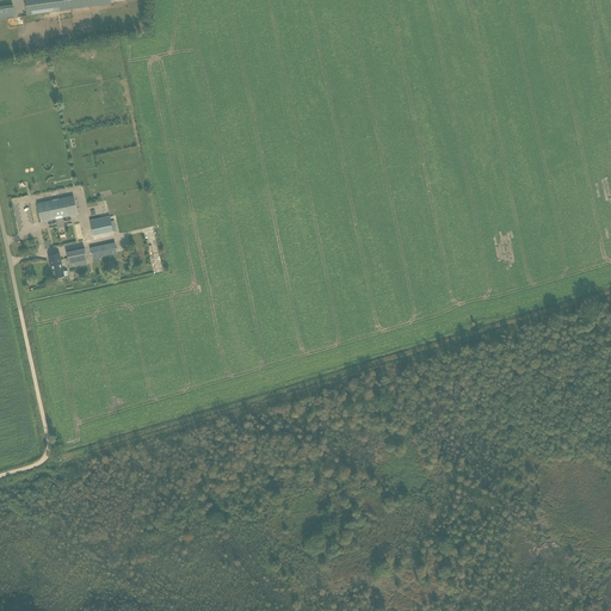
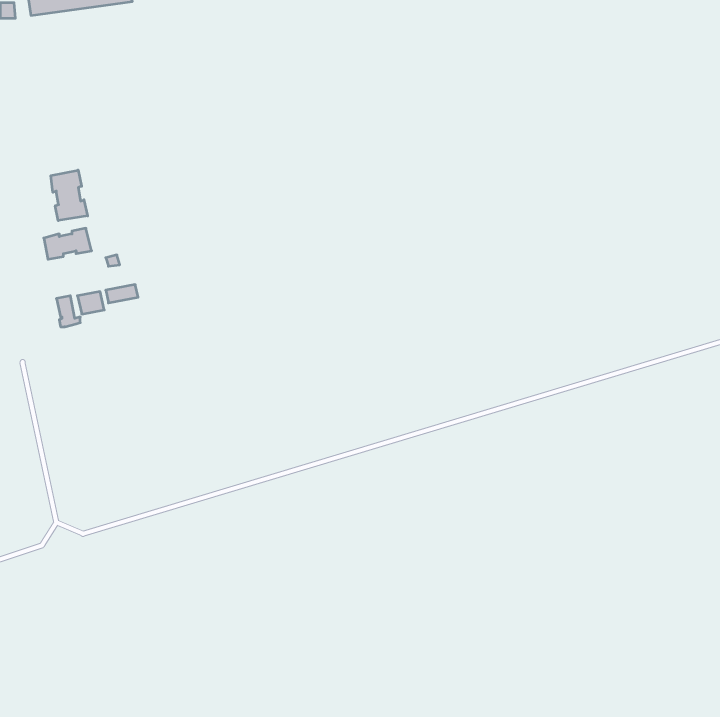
building: none -> [51,170,88,221]

